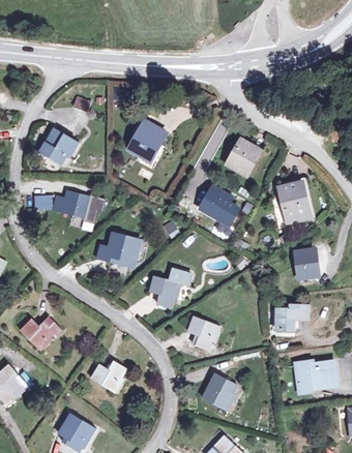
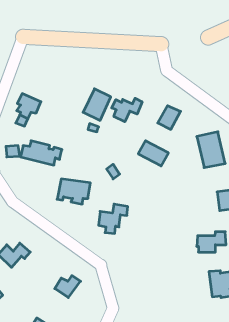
building: none -> [112,98,142,122]
building: [188,316,215,349] -> none
building: [205,374,237,405] -> none

